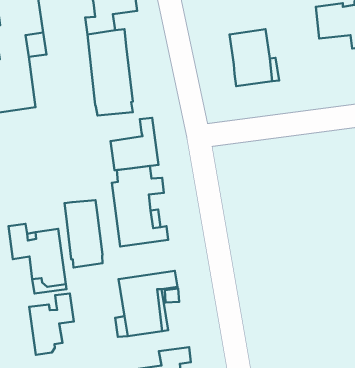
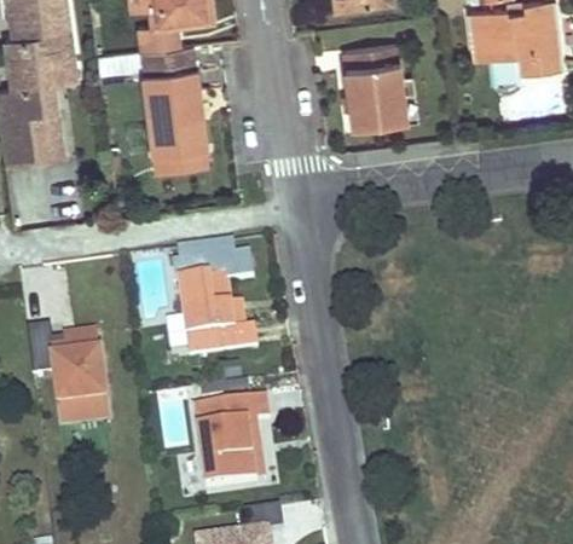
building: [111,118,158,170] -> none
building: [64,200,103,267] -> none
building: [29,293,74,355] -> none

